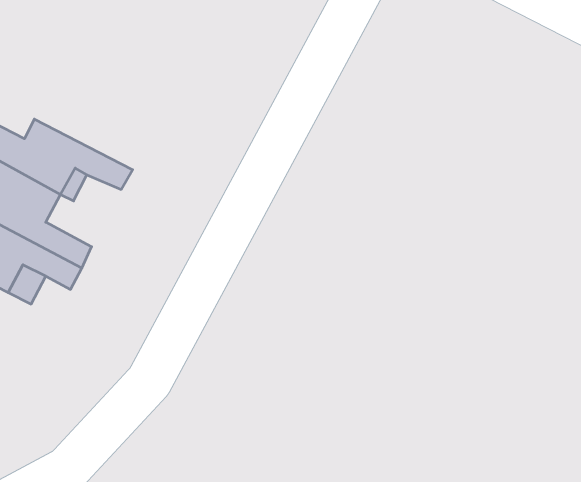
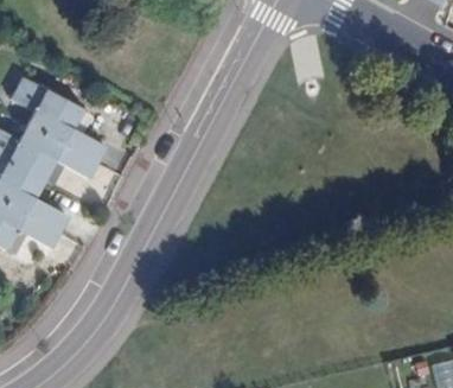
building: none -> [9,75,103,159]

